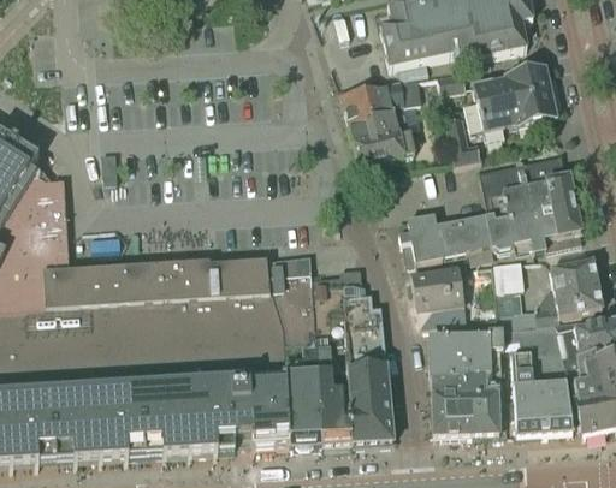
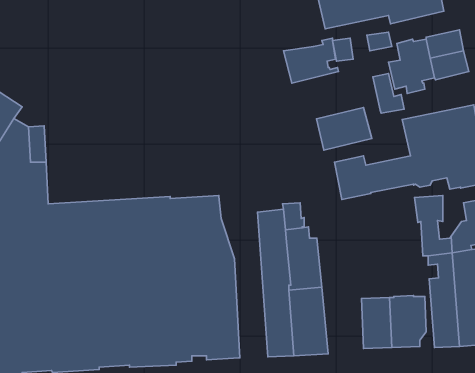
building: [350,114,414,163] -> [317,107,372,150]
building: [266,254,322,445] -> none
building: [409,266,466,325] -> none
building: [427,327,504,376] -> none

